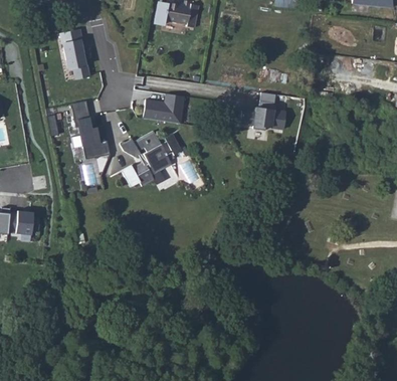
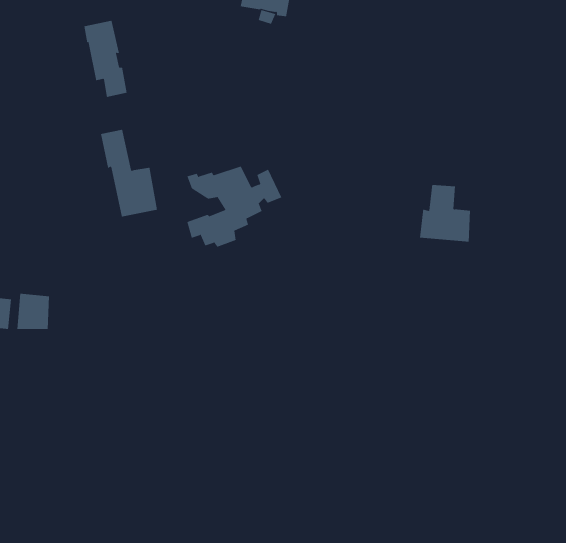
building: [251,92,285,131] -> [419,185,471,242]
building: [141,94,185,124] -> none

